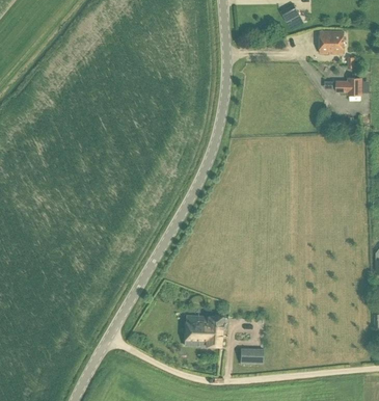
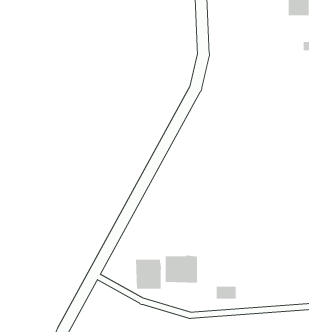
building: none -> [136,259,162,289]

